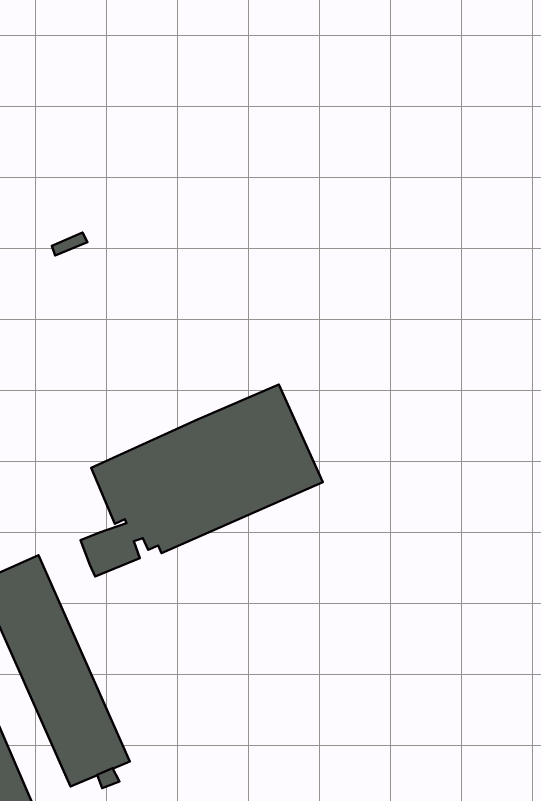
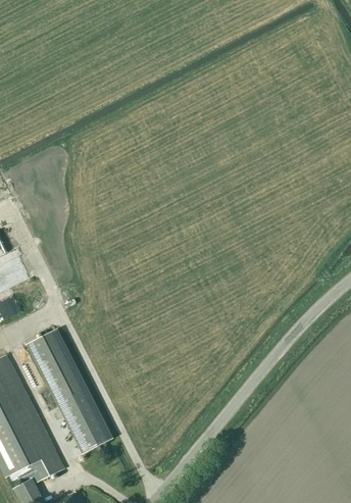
building: [80,385,323,577] -> none

